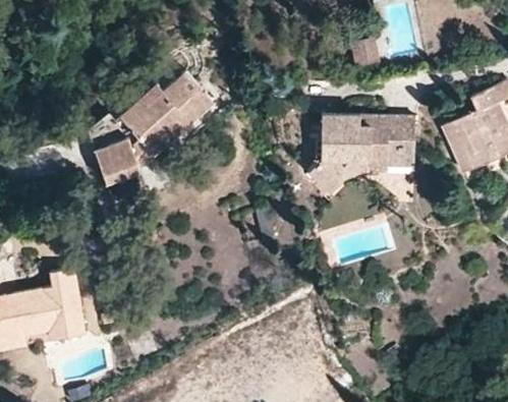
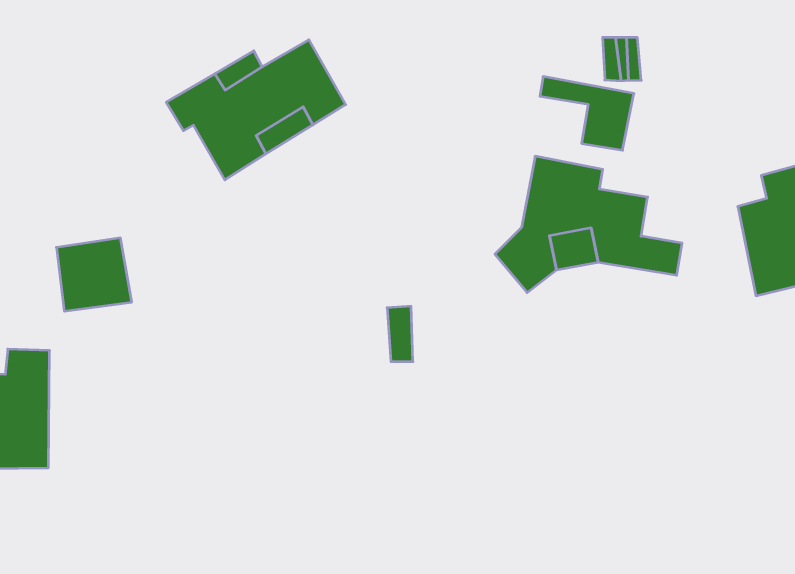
building: [363,116,415,150] -> [540,77,634,150]
building: [95,137,142,183] -> [56,238,132,311]

